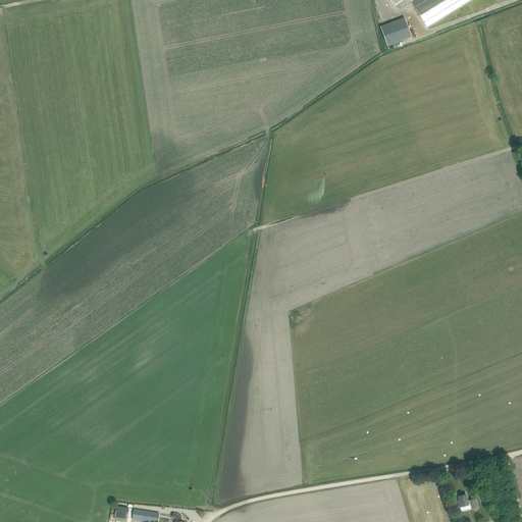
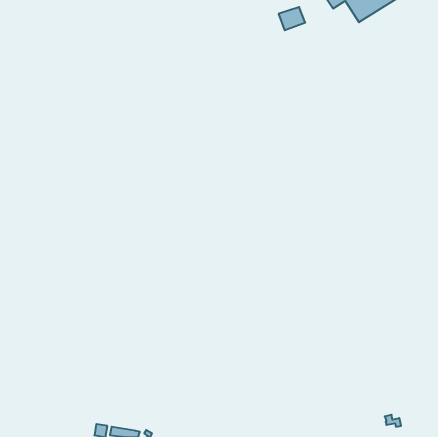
building: [379,16,411,44] -> [279,7,305,30]

